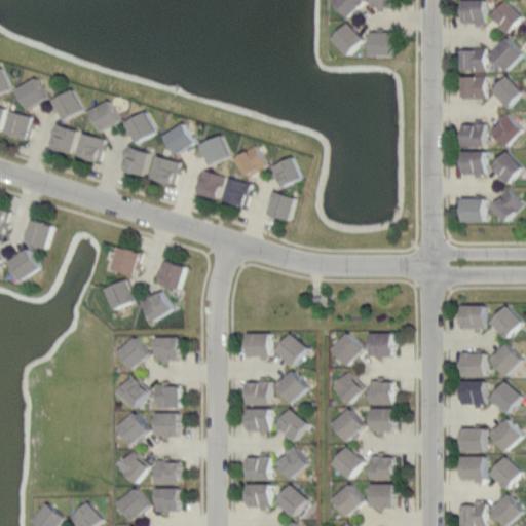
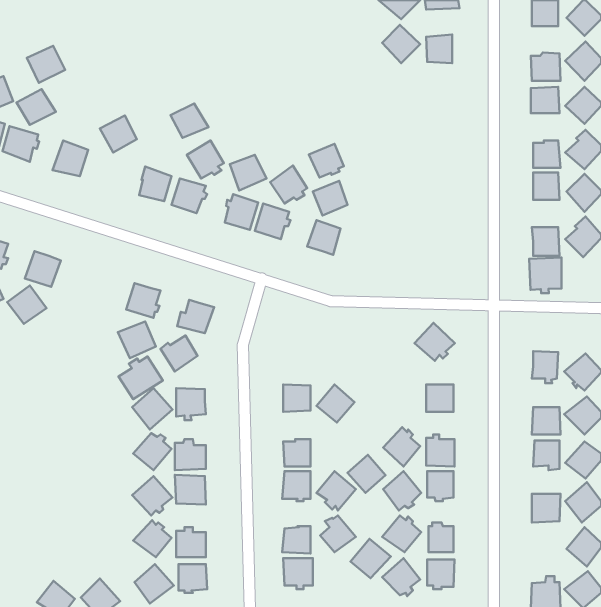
building: [51,89,84,121] -> [27,46,65,83]
building: [122,112,155,142] -> [170,103,209,138]
building: none -> [309,144,344,177]
building: [73,132,105,160] -> none
building: none -> [529,258,562,293]
building: none -> [119,356,163,399]
building: [329,332,364,365] -> [414,323,455,361]
building: [274,370,307,403] -> [348,455,386,493]
building: [460,456,484,480] -> none
building: [273,484,308,518] -> [350,539,391,578]

